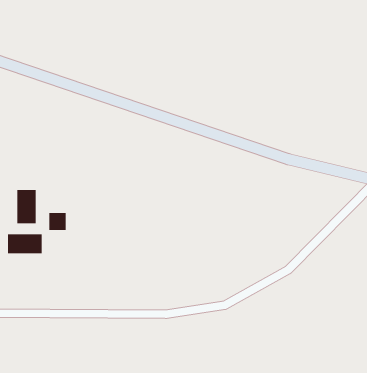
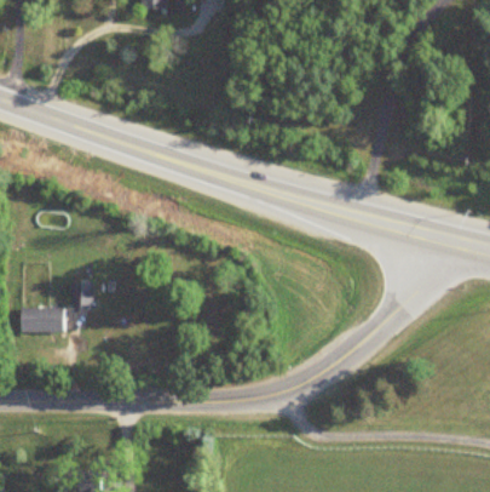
building: [17,189,36,224] -> none

